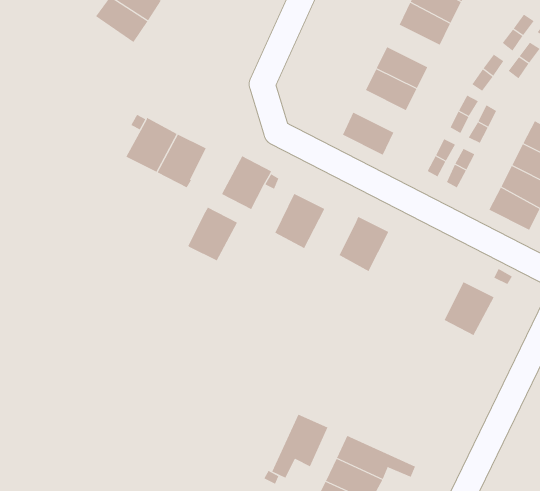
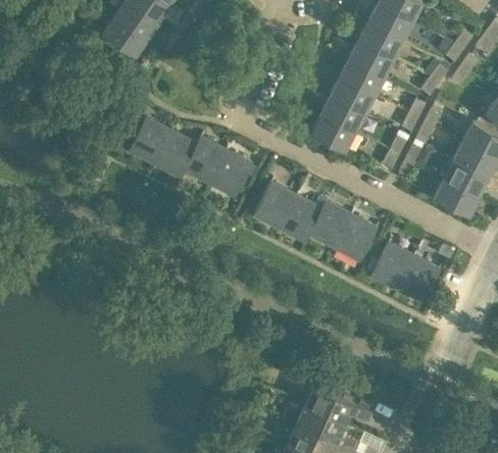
building: none -> [349,39,394,74]
building: none -> [320,94,365,130]
building: [187,207,238,261] -> [184,136,227,182]
building: none -> [280,194,321,241]
building: none -> [334,213,377,260]
building: none -> [370,242,413,288]
building: [272,414,328,478] -> none

